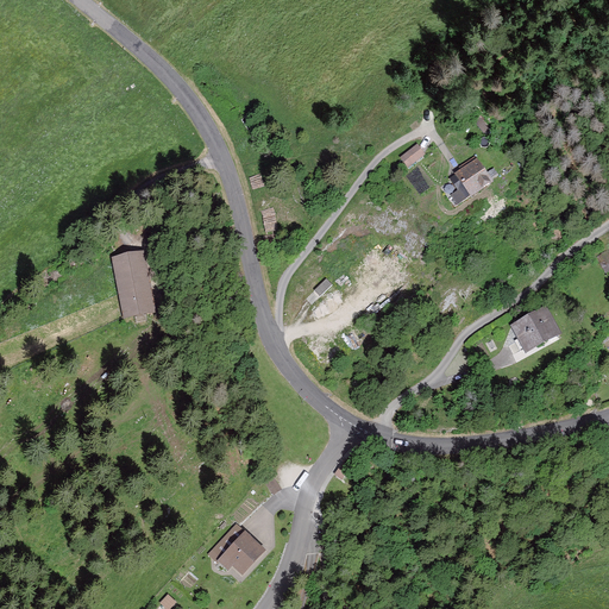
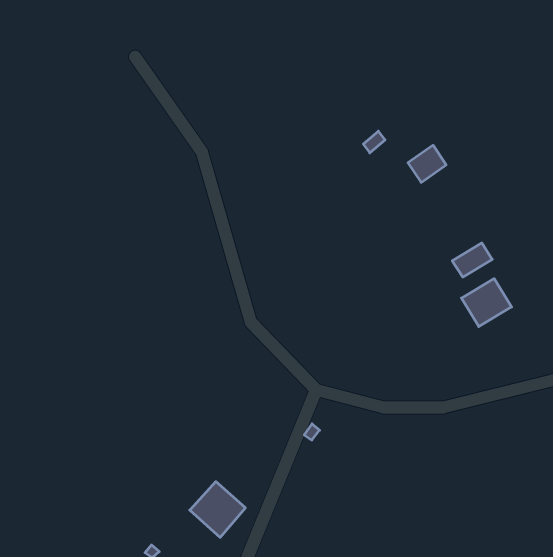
building: [114,249,165,321] -> none
building: none -> [452,243,492,277]

